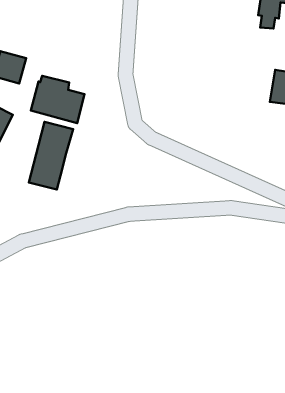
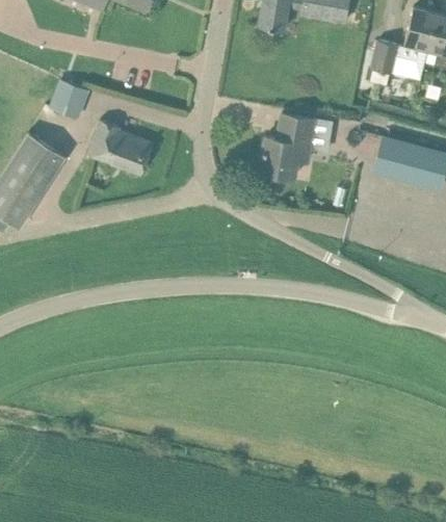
building: none -> [259,114,315,178]
building: [29,122,73,190] -> none

